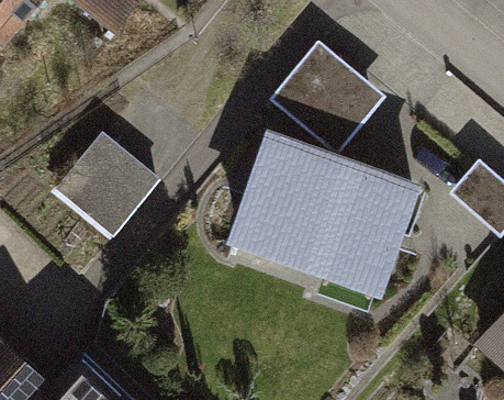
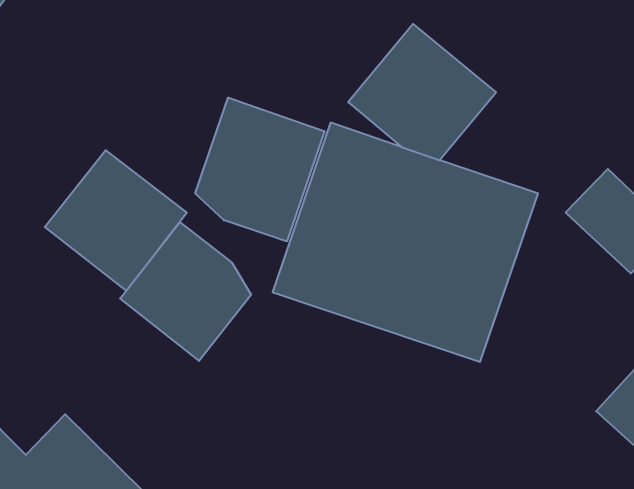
building: none -> [195,98,324,241]
building: none -> [120,222,251,361]

